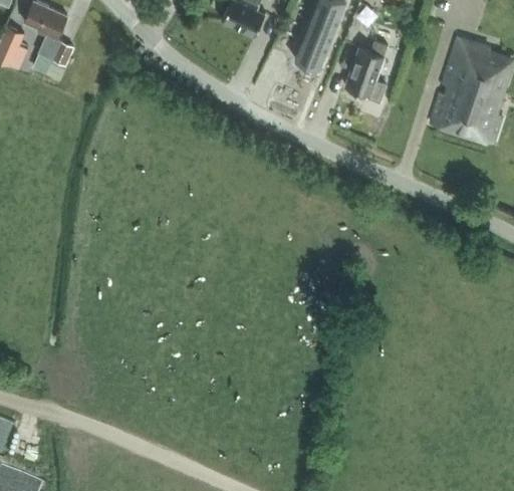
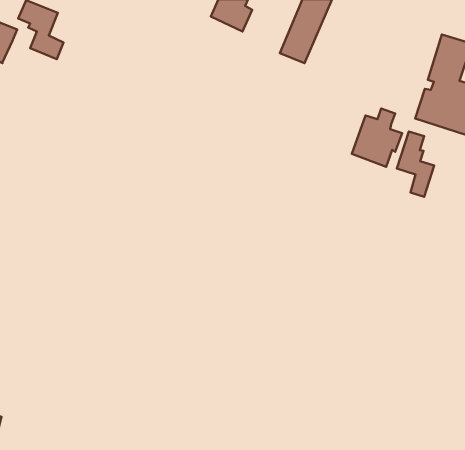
building: [345,40,397,99] -> [352,108,402,167]
building: none -> [397,131,434,197]

